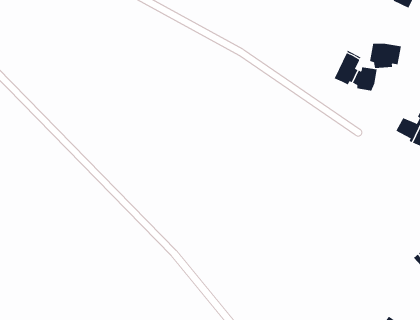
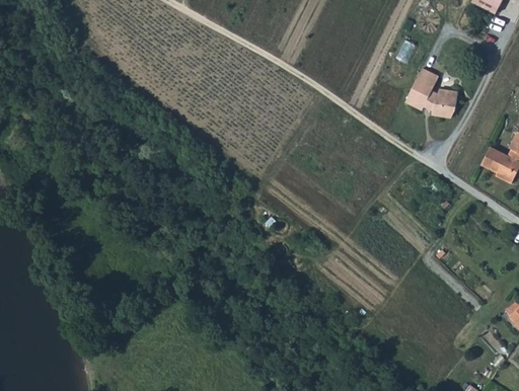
building: [370,43,402,69] -> none

